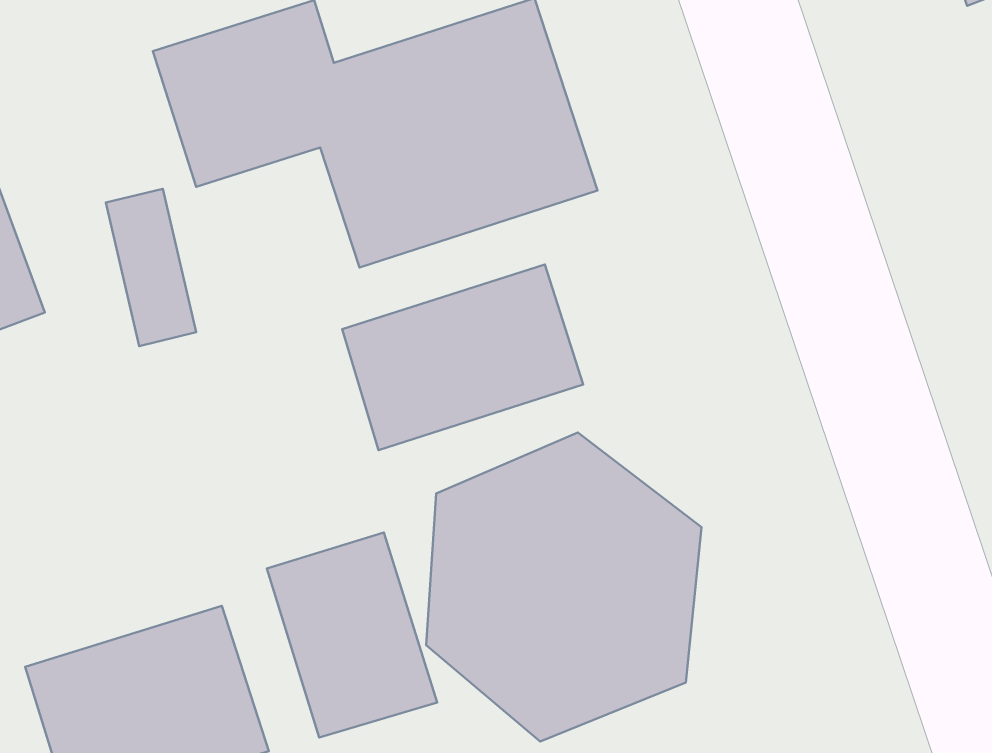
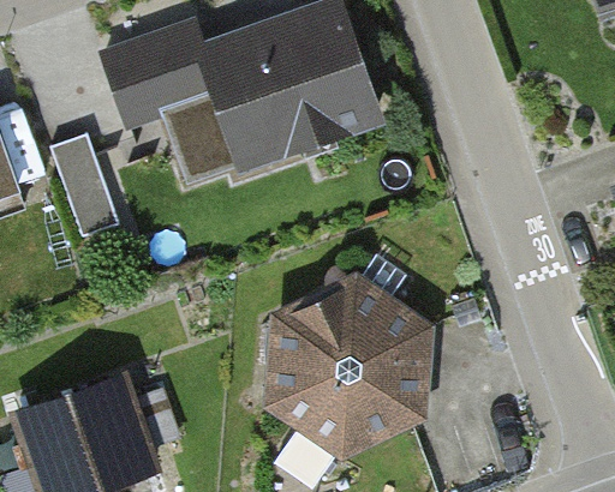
building: [342,265,583,450] -> none
building: [267,532,437,737] -> none

